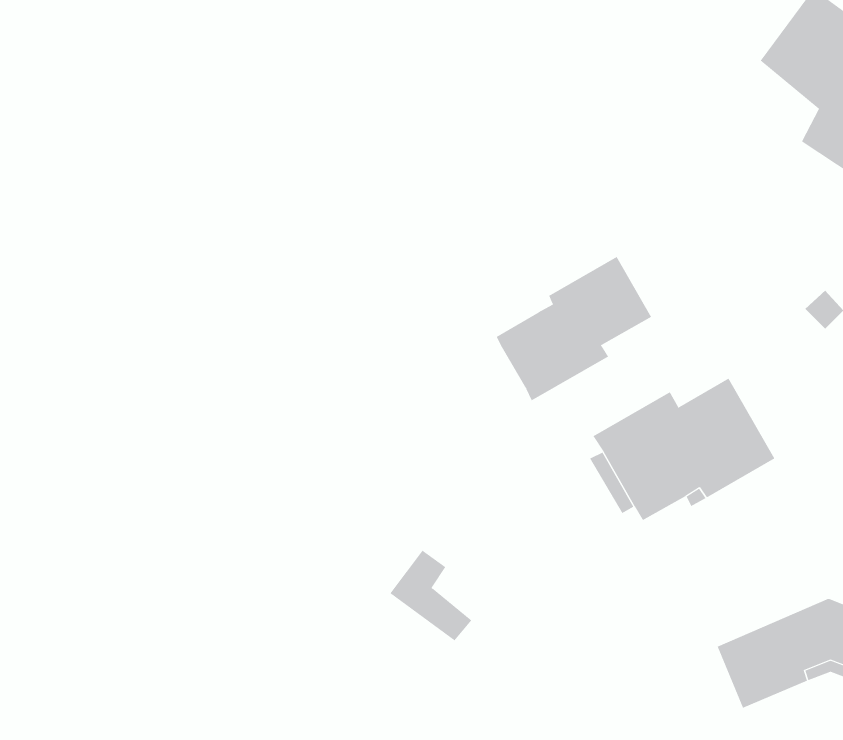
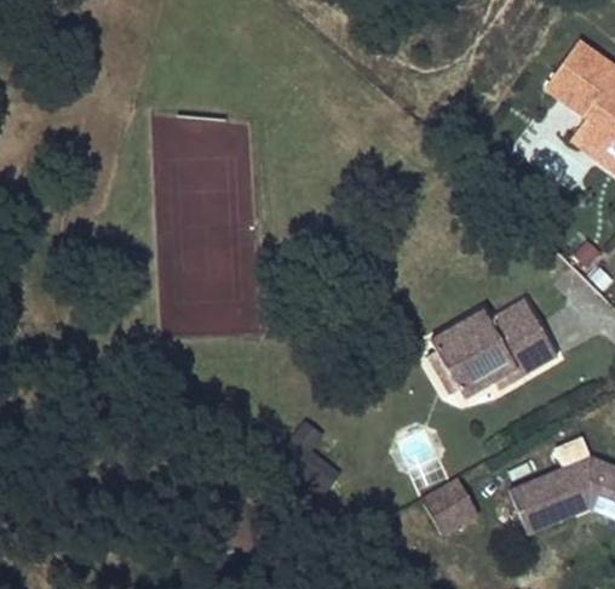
building: [496,256,652,401] -> none
building: none -> [424,476,481,536]

